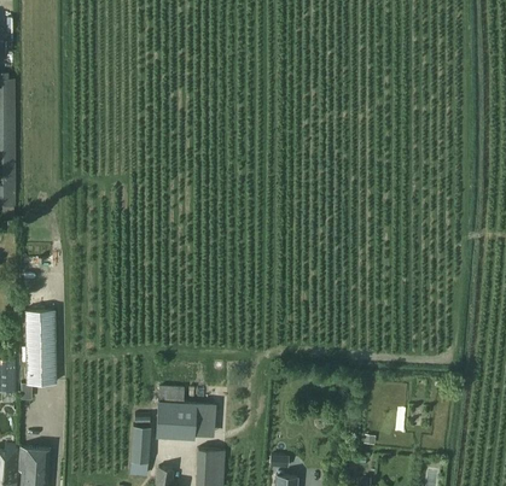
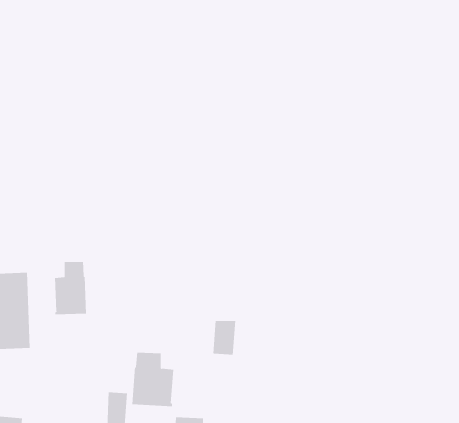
building: none -> [54,261,87,315]
building: [193,404,216,438] -> [212,320,236,355]

